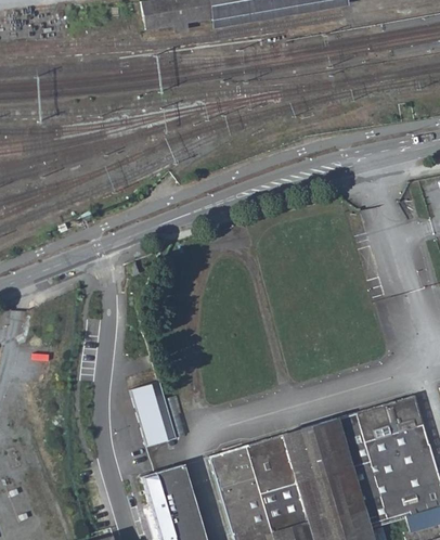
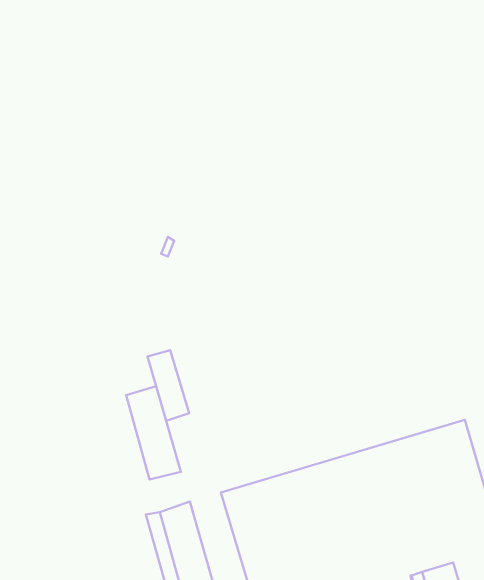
building: none -> [148,350,189,421]

